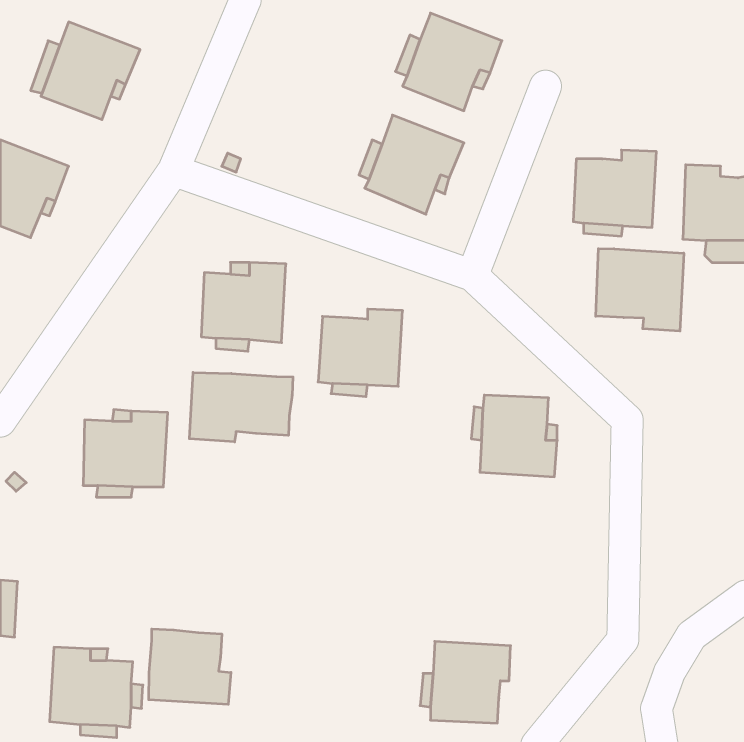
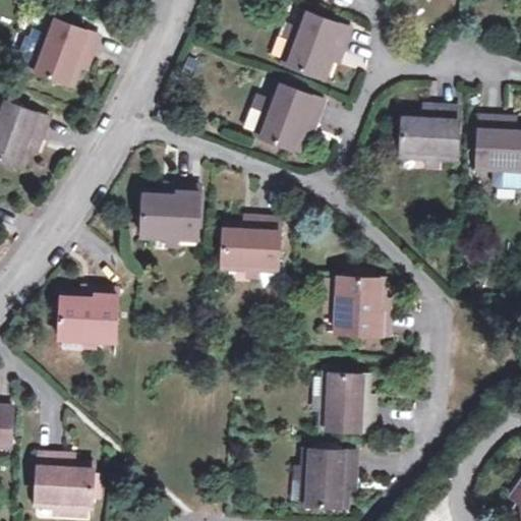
building: [596,249,684,331] -> none
building: [189,372,293,442] -> none
building: none -> [321,372,374,431]
building: [149,629,231,704] -> none

